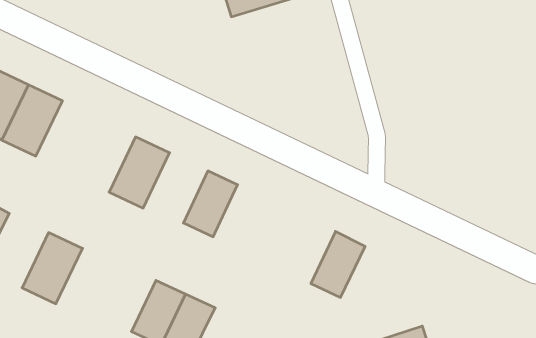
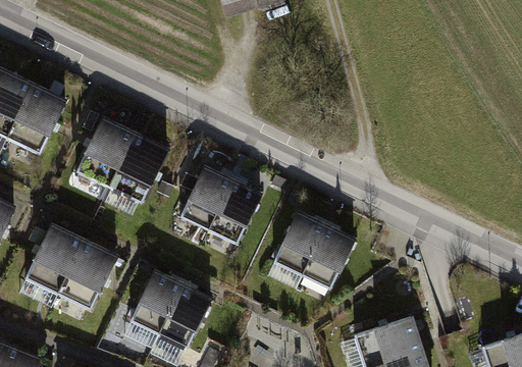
building: none -> [76,118,135,188]
building: none -> [209,180,261,244]
building: none -> [274,212,326,275]
building: none -> [58,242,116,310]

